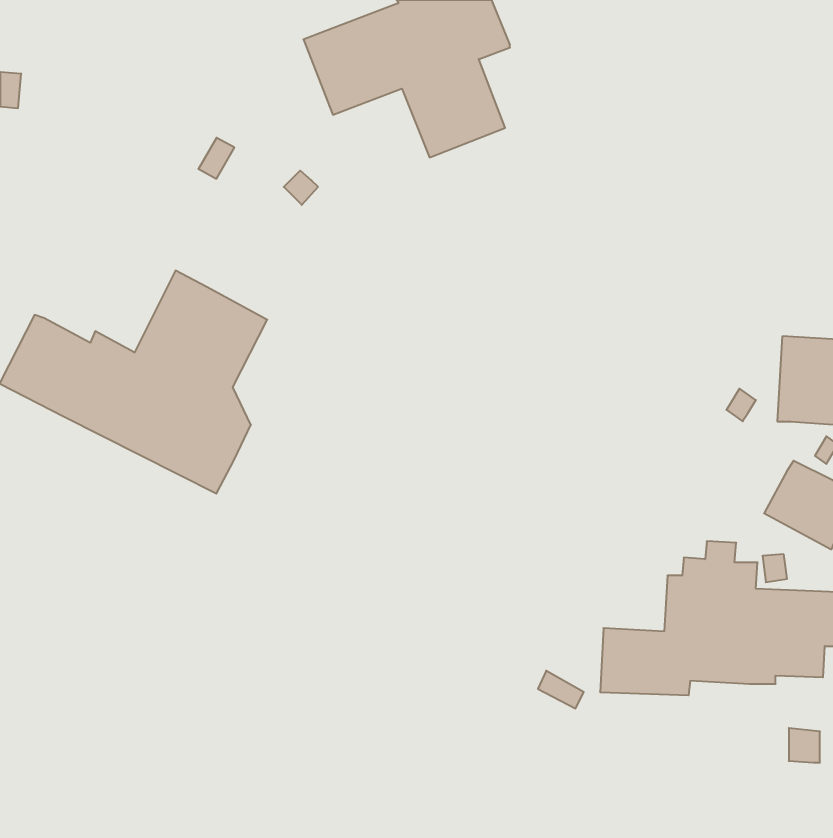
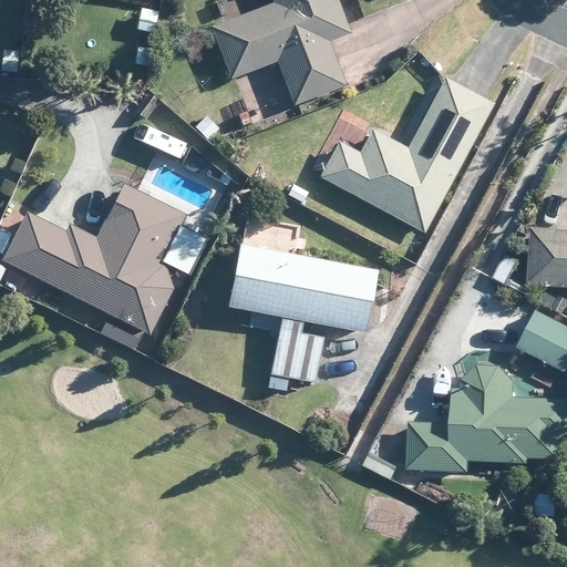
building: none -> [319,78,491,231]
building: none -> [225,244,374,390]

